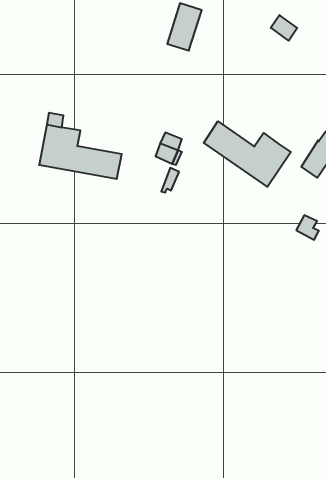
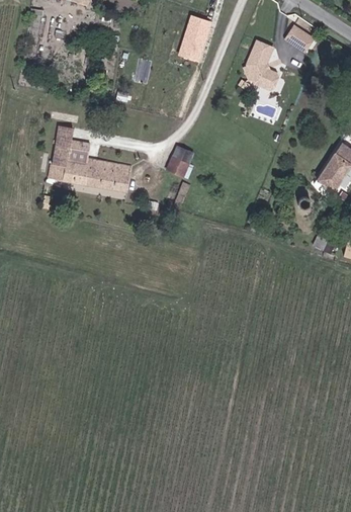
building: none -> [243,41,276,91]
building: [204,121,291,187] -> none

